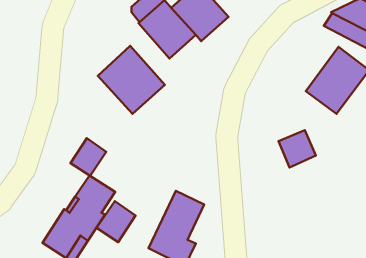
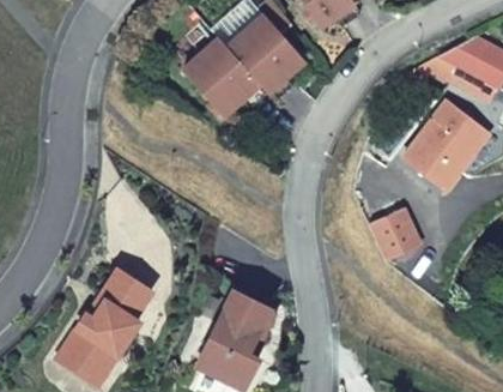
building: [98,46,165,114] -> none
building: [71,138,106,176] -> none
building: [96,201,136,242] -> none

